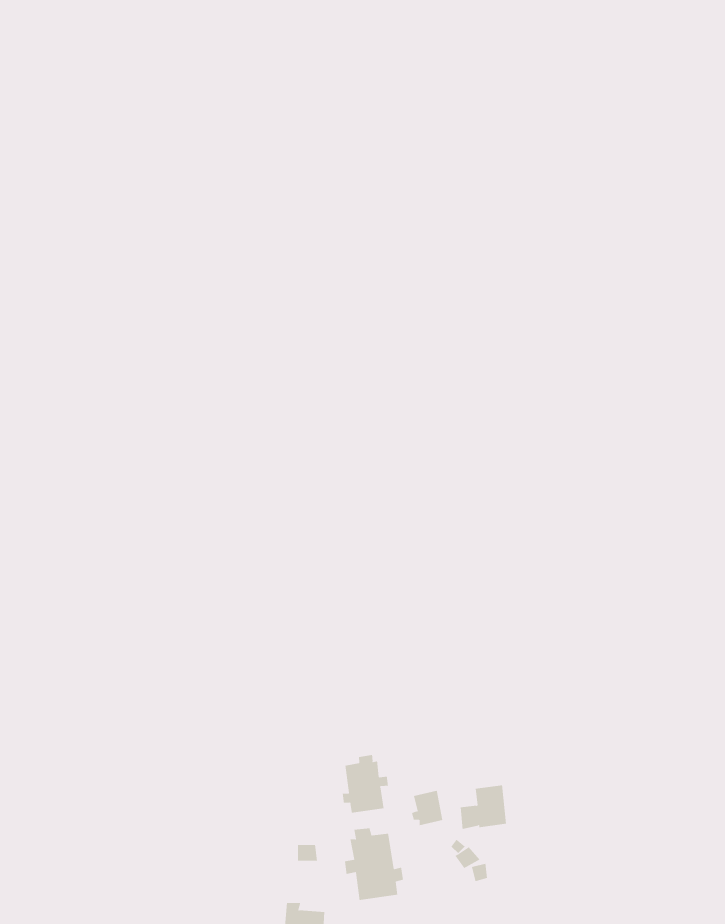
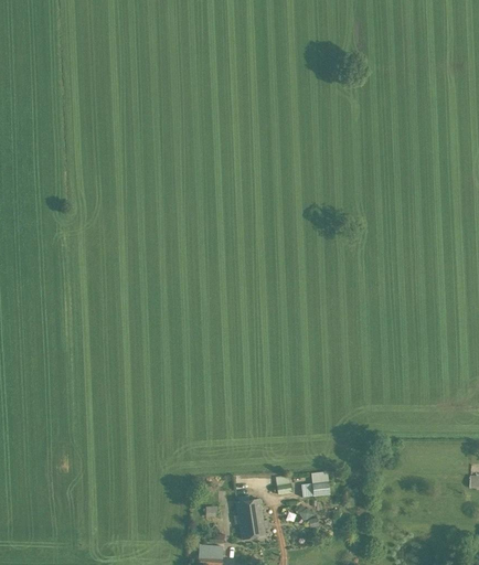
building: [342,754,389,814] -> none

